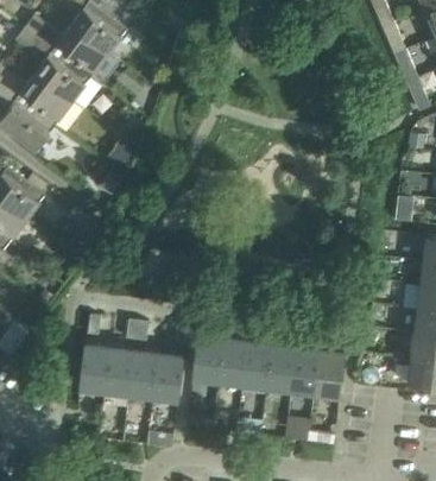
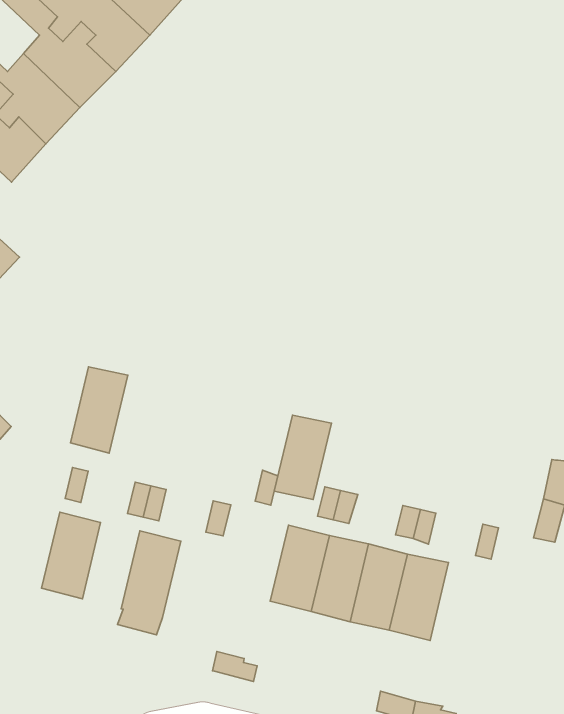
building: [194,334,223,382] -> [274,415,332,499]
building: [106,347,135,397] -> [70,367,128,453]
building: [315,348,346,399] -> none
building: [154,353,185,403] -> none

